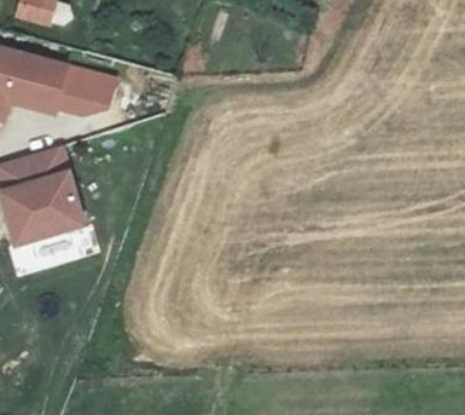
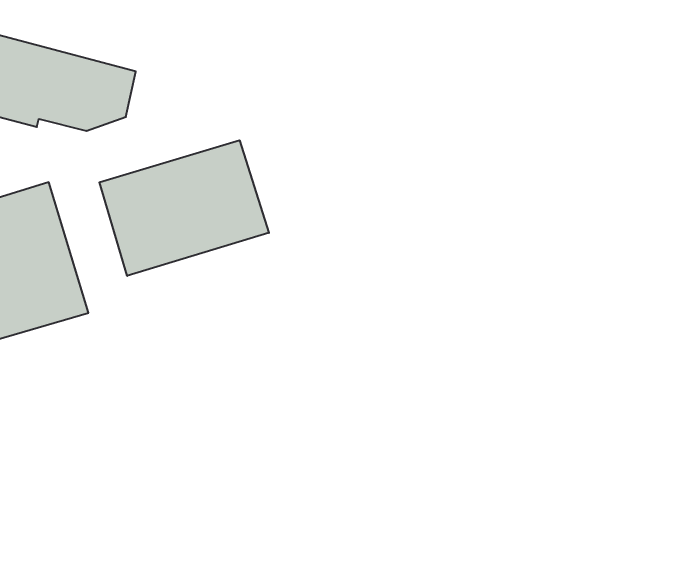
building: none -> [99,140,269,276]

